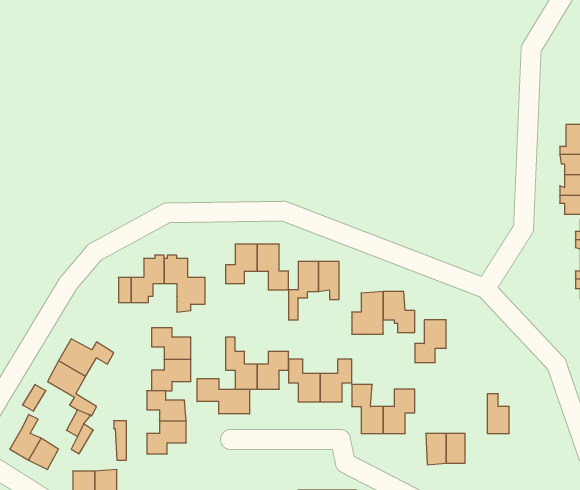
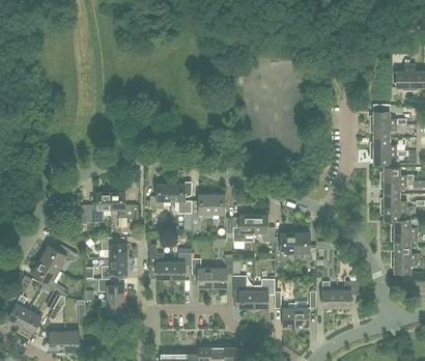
building: none -> [295,232,316,260]
building: [197,379,250,414] -> none
building: none -> [337,281,358,307]

